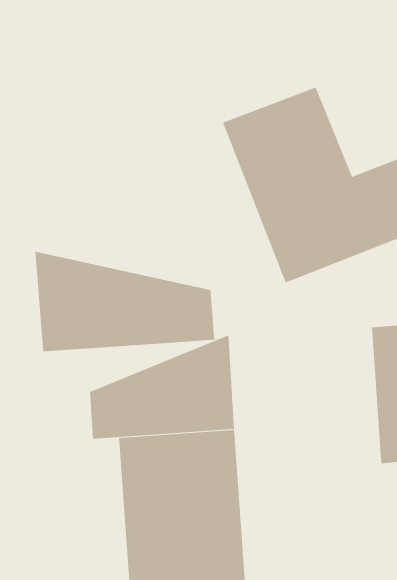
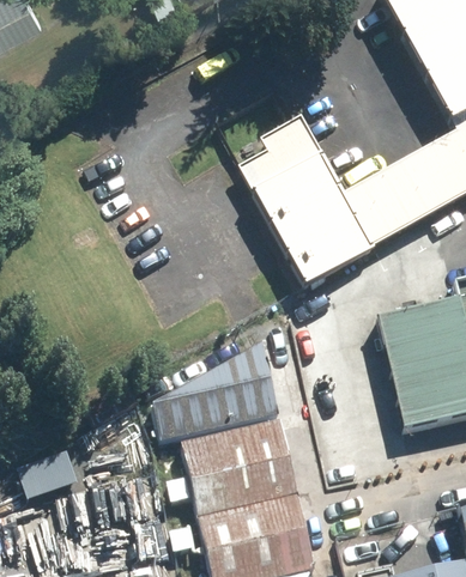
building: [35,251,215,352] -> none

